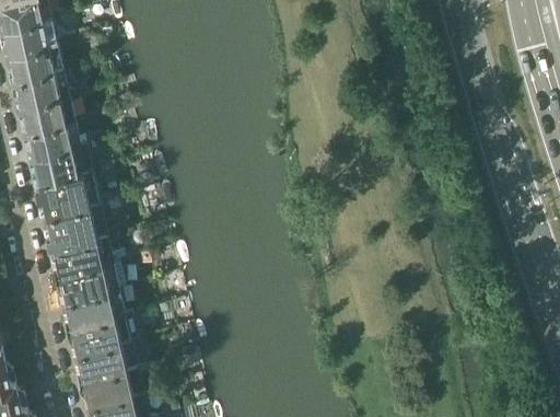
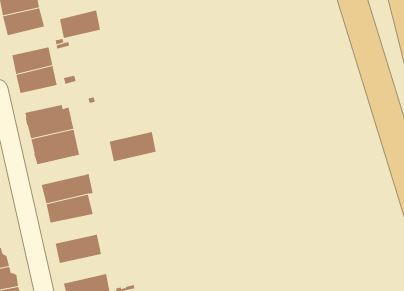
building: [10,62,65,100] -> [59,10,101,38]
building: [26,139,82,175] -> none
building: [48,230,110,269] -> [109,132,157,162]
building: [66,308,128,346] -> none
building: [78,356,152,398] -> none

